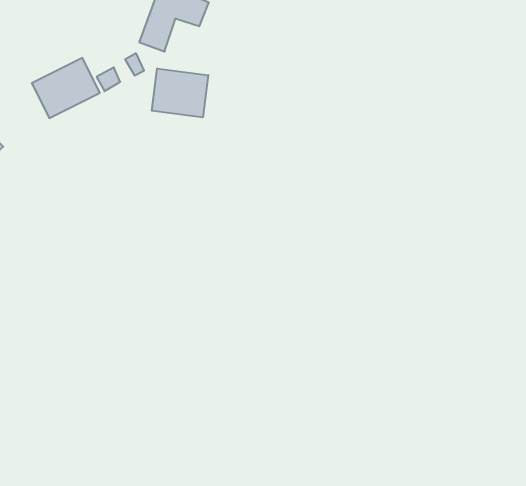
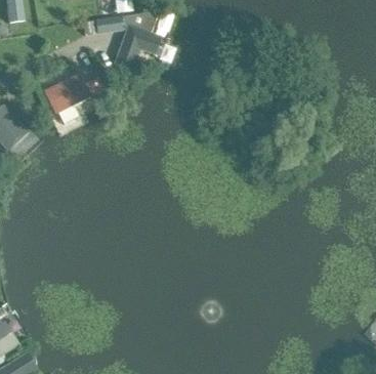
building: [152,68,208,117] -> none

